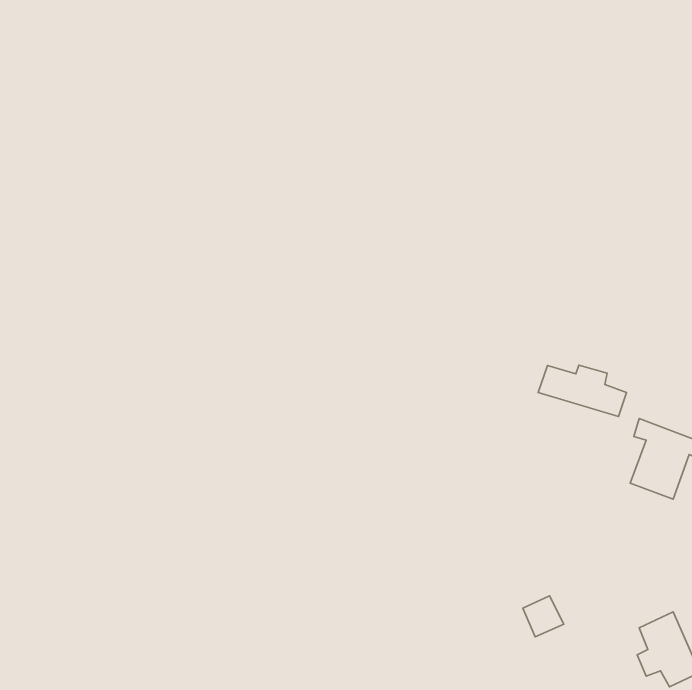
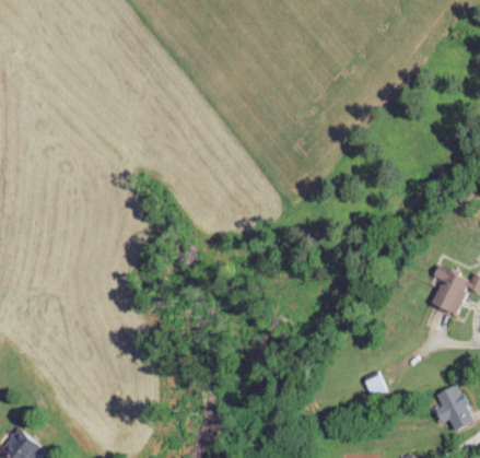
building: [538,365,627,416] -> none

